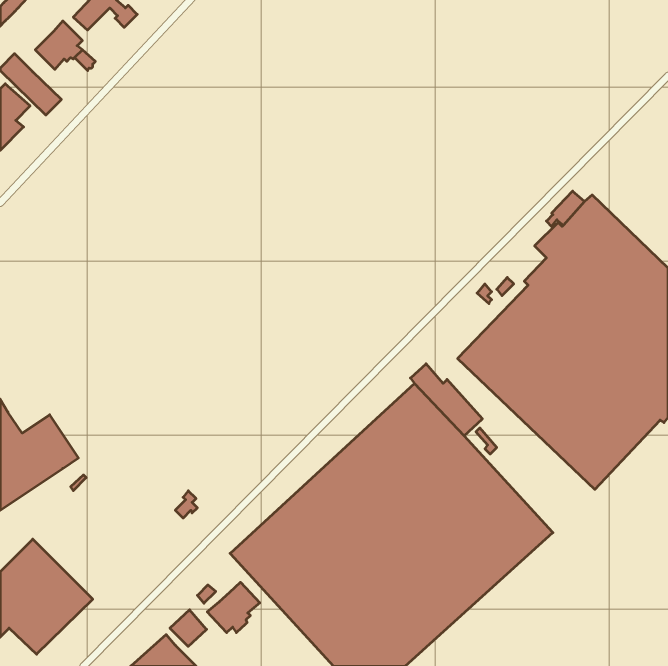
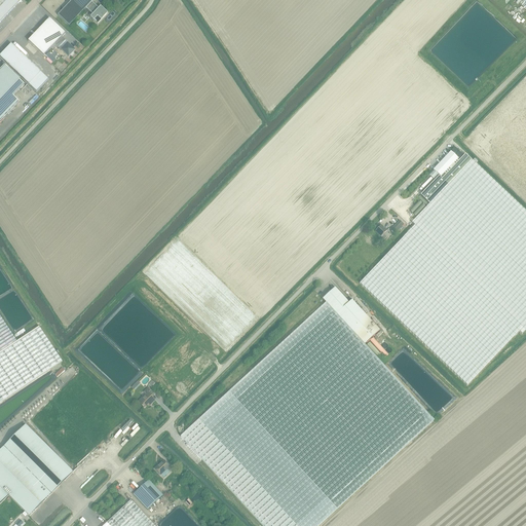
building: [207,582,260,633] -> none

